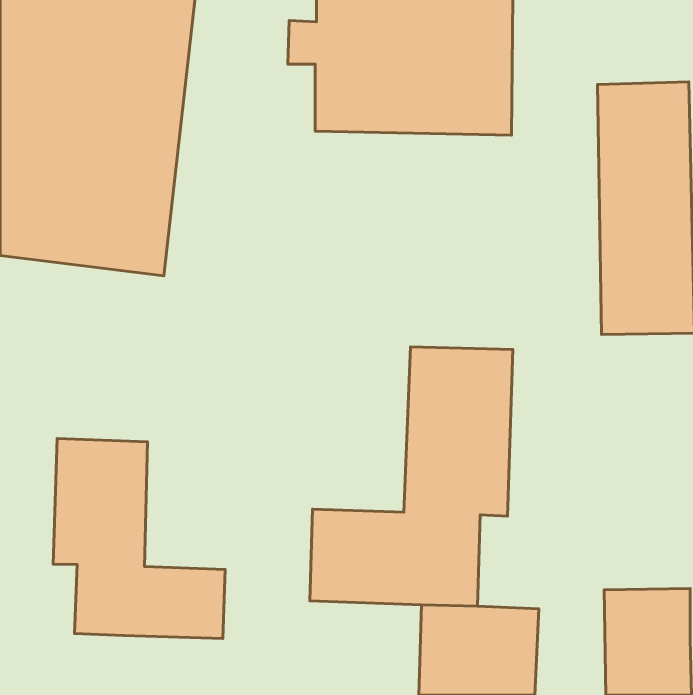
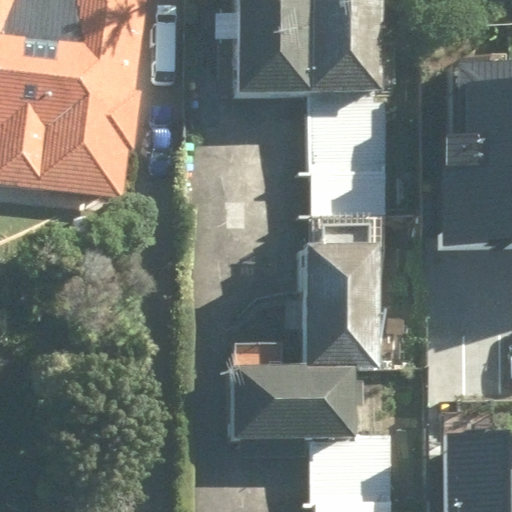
building: none -> [306,105,388,218]
building: [53,438,225,638] -> none

